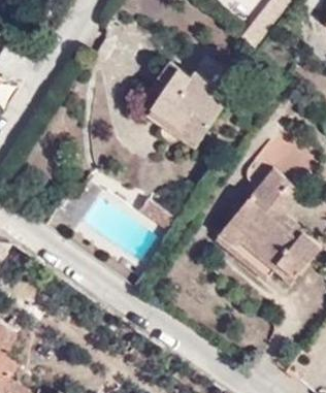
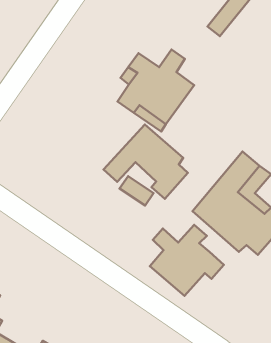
building: none -> [104,124,188,199]
building: none -> [150,225,224,296]

